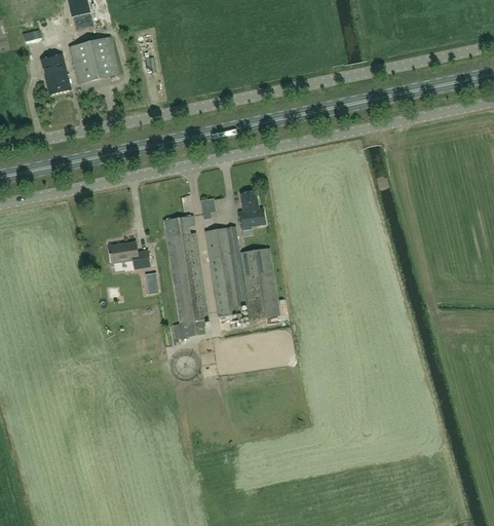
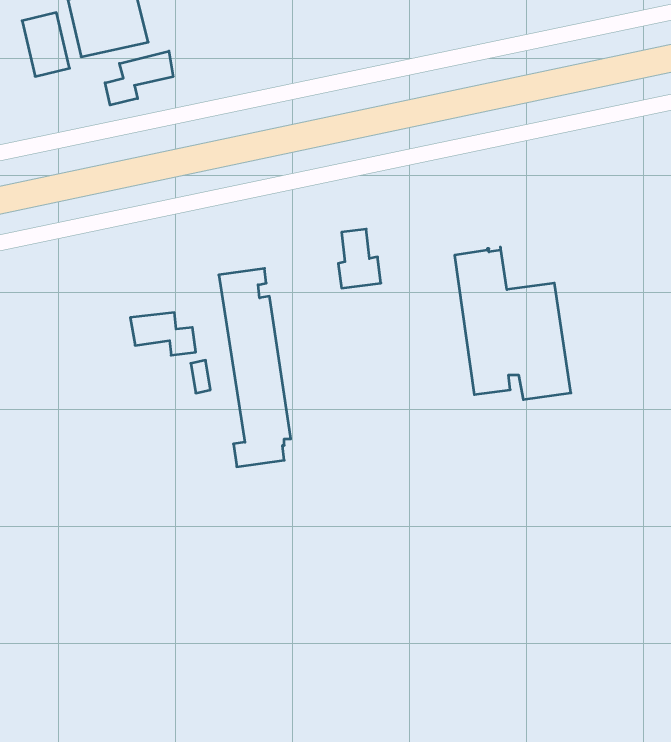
building: none -> [105,51,173,105]
building: [205,225,278,321] -> [455,247,571,400]

